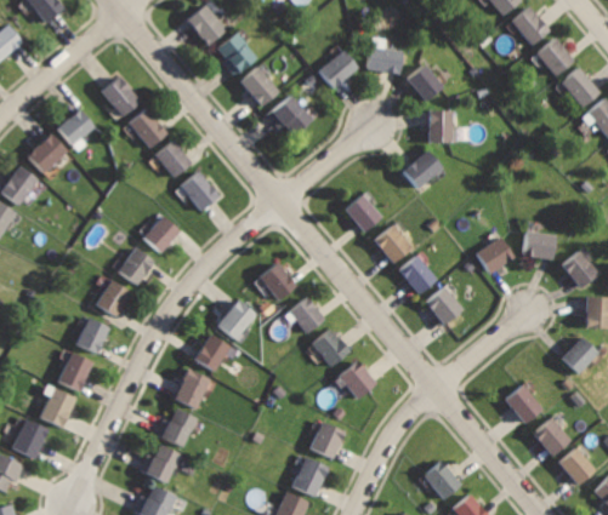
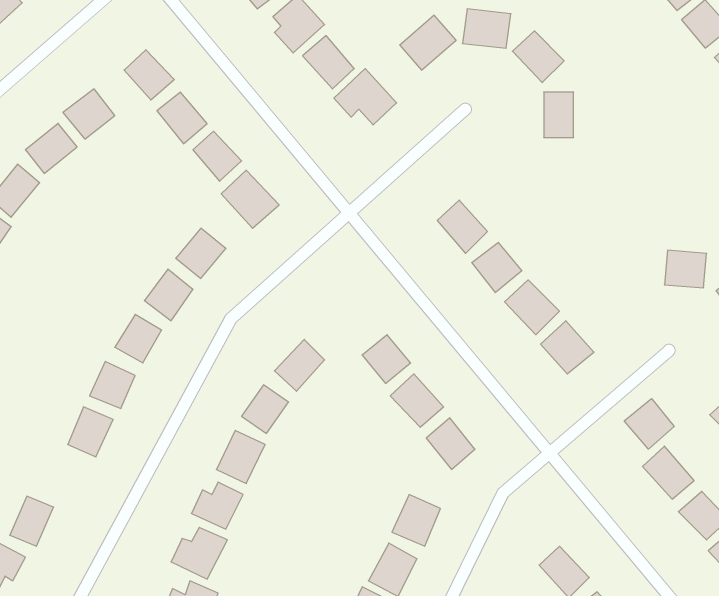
building: [399,150,443,193] -> none
building: [473,236,512,274] -> none
building: [258,262,299,302] -> none
building: none -> [624,399,674,449]
building: [42,388,76,428] -> none

